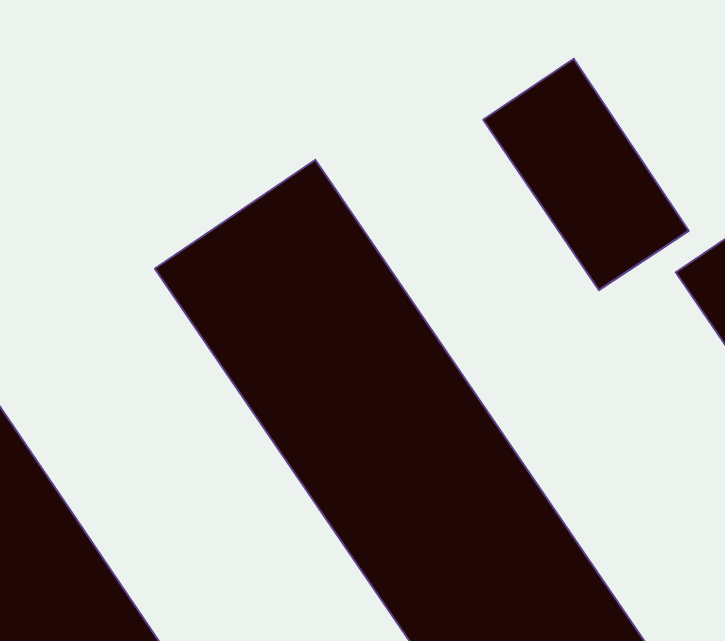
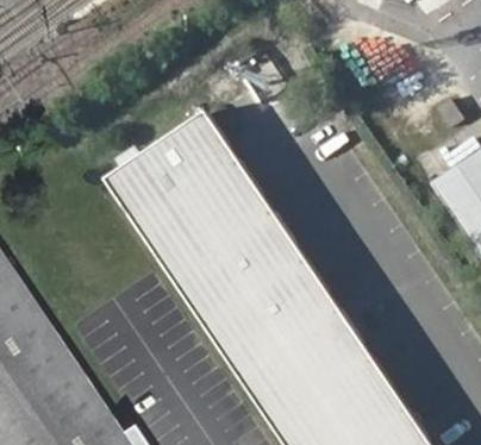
building: [483,59,689,290] -> none

